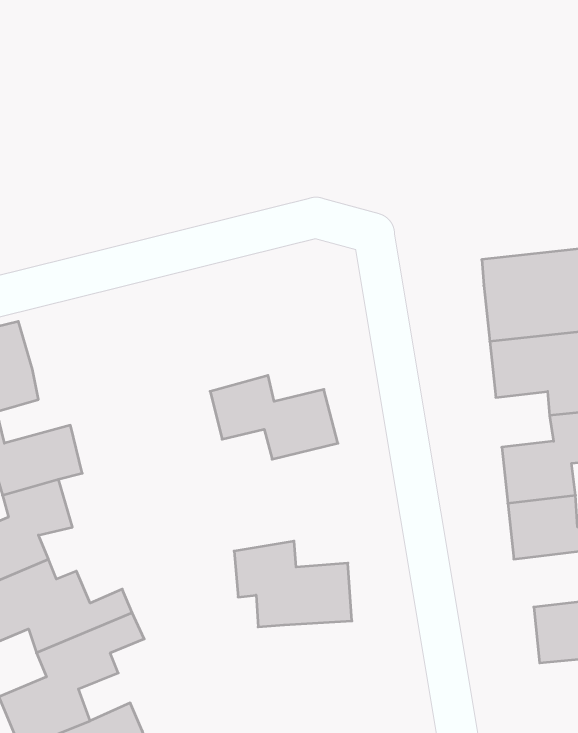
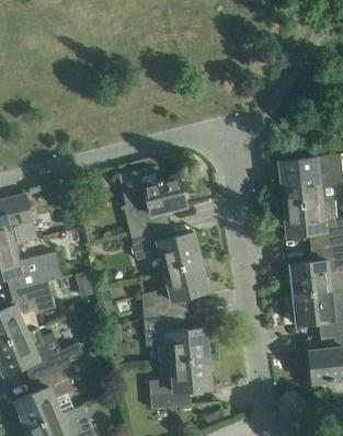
building: none -> [124,165,186,233]
building: none -> [141,262,208,321]
building: none -> [148,359,210,409]

